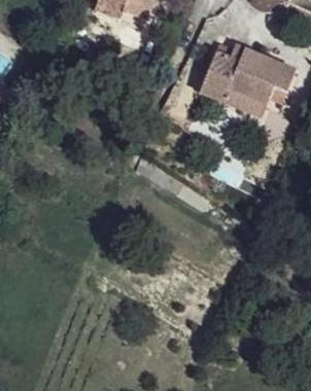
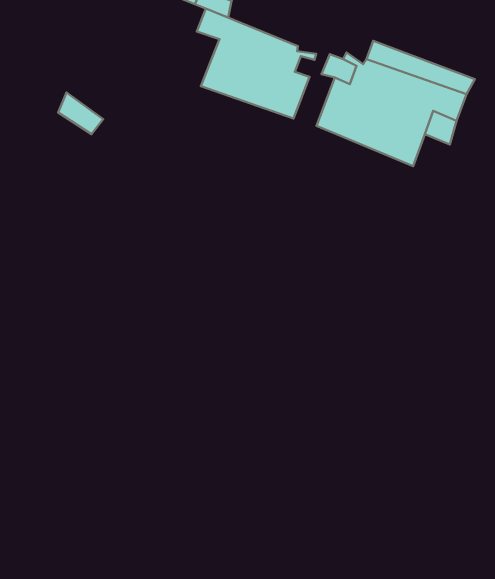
building: none -> [197,8,316,119]

